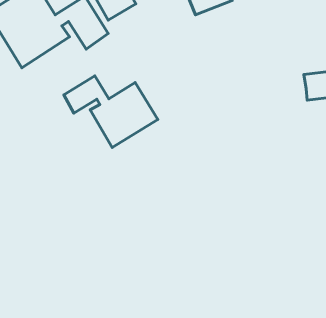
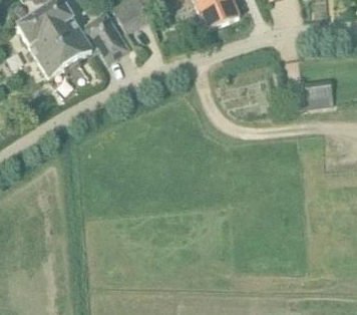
building: [64,76,158,148] -> none

